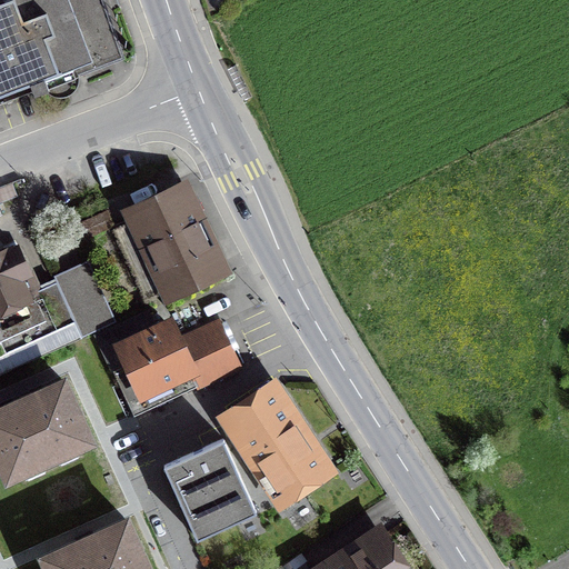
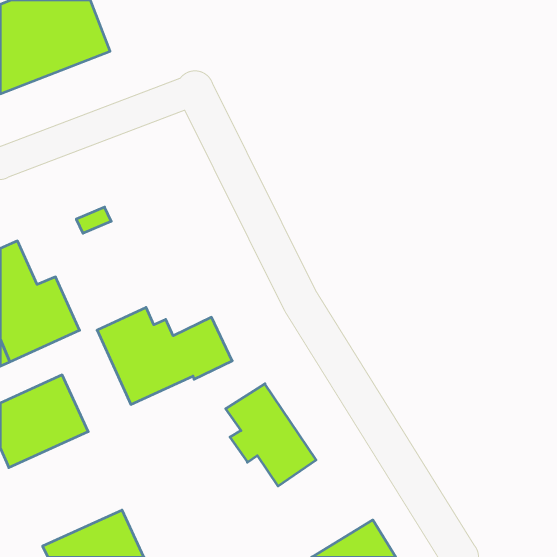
building: [136,191,217,290] -> none
building: [57,269,110,337] -> none
building: [163,438,257,538] -> none

